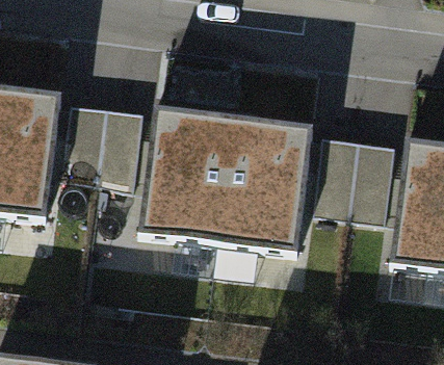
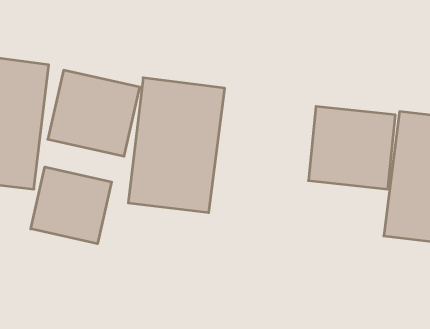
building: [220,119,315,251] -> none
building: none -> [31,167,112,244]

